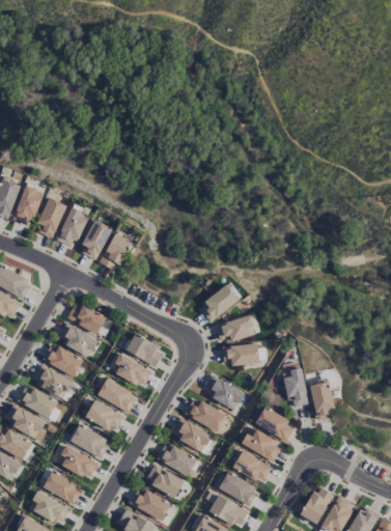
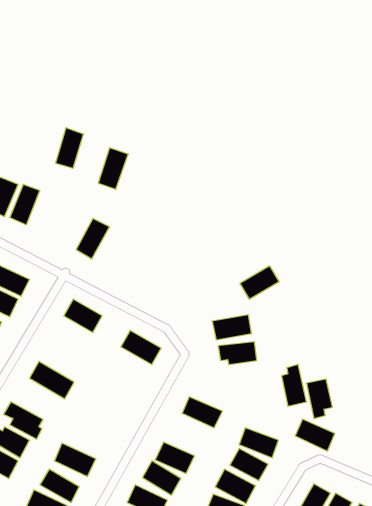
building: [36,197,64,237] -> [56,128,84,168]
building: [57,206,87,248] -> [98,148,128,189]
building: [99,232,132,271] -> none
building: [199,286,239,319] -> [240,266,279,299]
building: [57,323,97,355] -> none
building: [47,344,83,376] -> none
building: [111,355,152,386] -> none
building: [205,376,244,409] -> none
building: [96,378,137,412] -> none
building: [17,385,59,420] -> none
building: [85,399,124,432] -> none
building: [255,408,295,440] -> [295,419,335,451]
building: [173,418,213,452] -> none
building: [69,424,110,458] -> none

